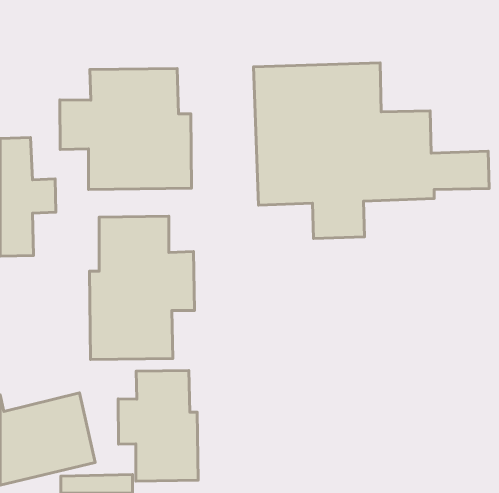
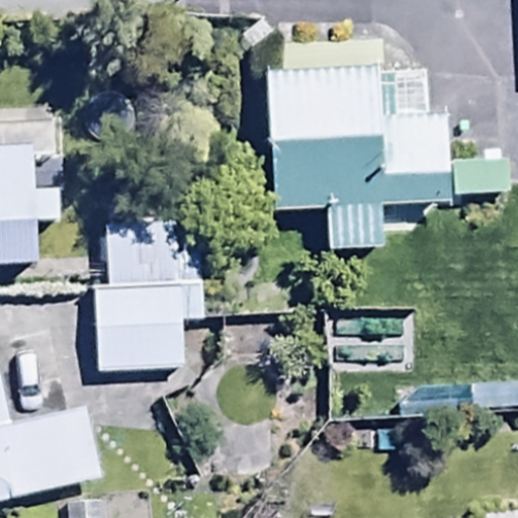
building: [60,69,192,189] -> none
building: [118,371,198,481] -> none

